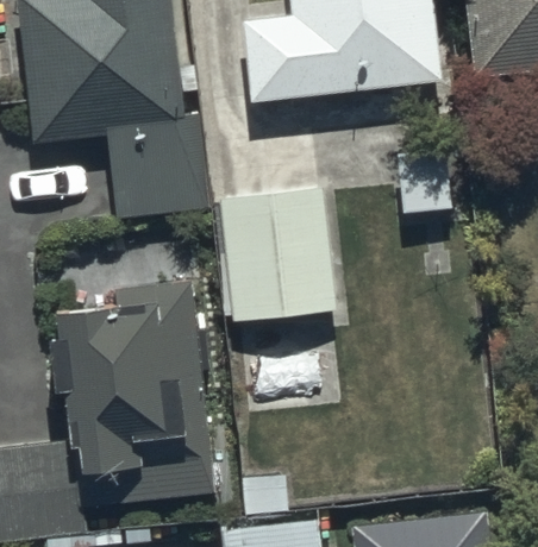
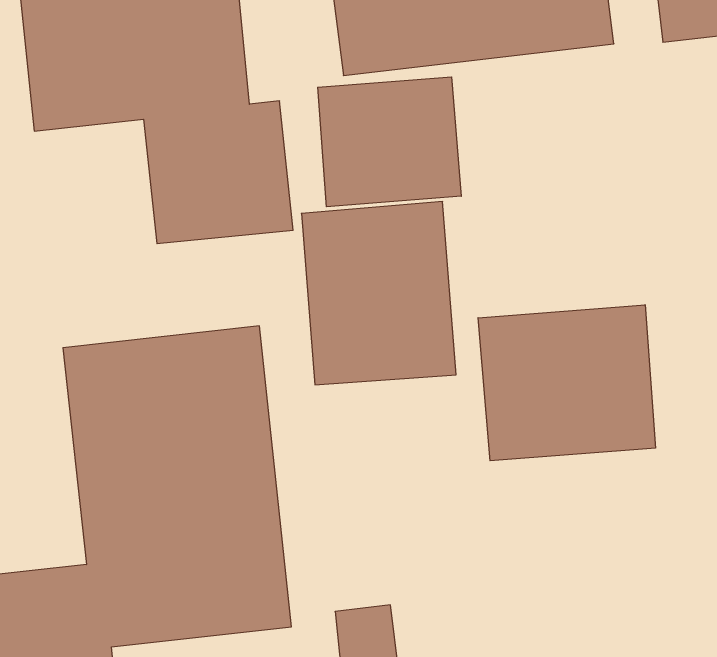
building: none -> [318,77,461,207]
building: none -> [478,305,655,461]

